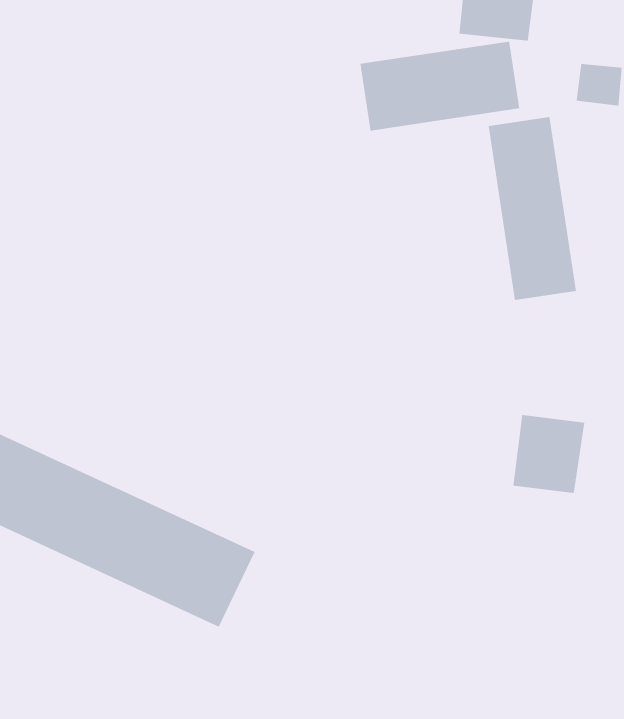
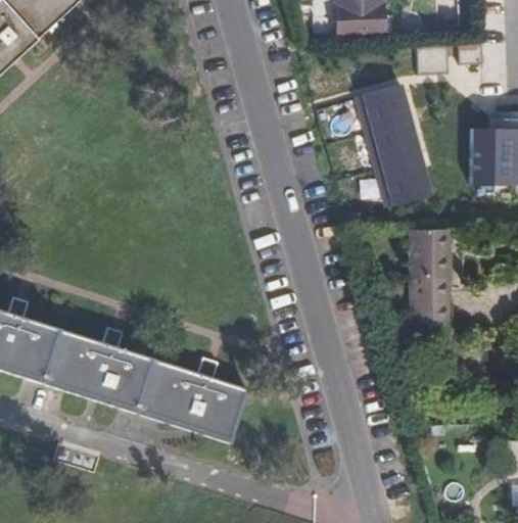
building: [360,41,520,132] -> none
building: none -> [407,230,450,278]

